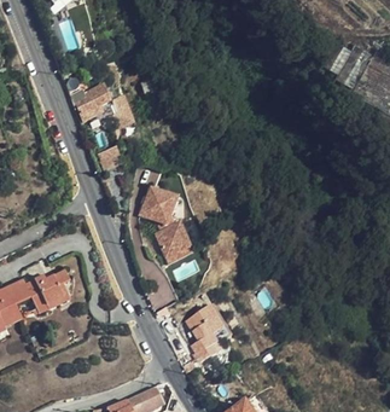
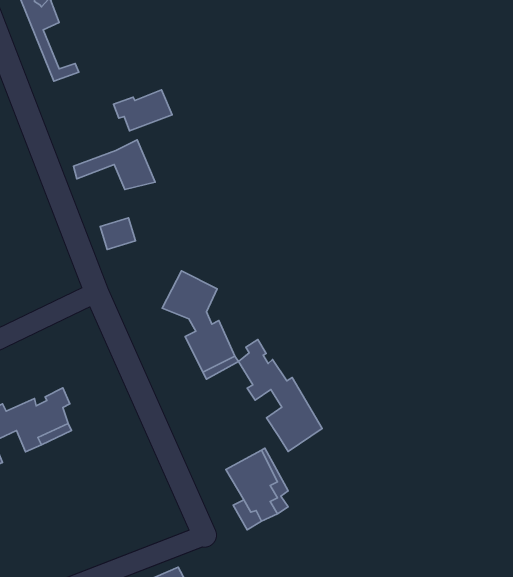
building: [69,86,109,114] -> [114,90,172,131]
building: none -> [238,339,322,451]

